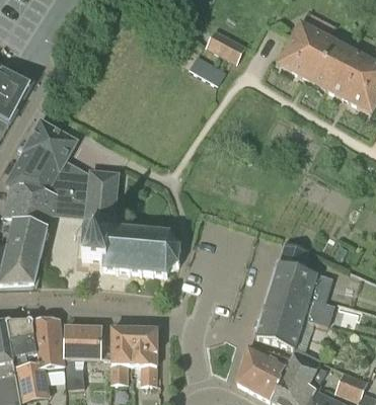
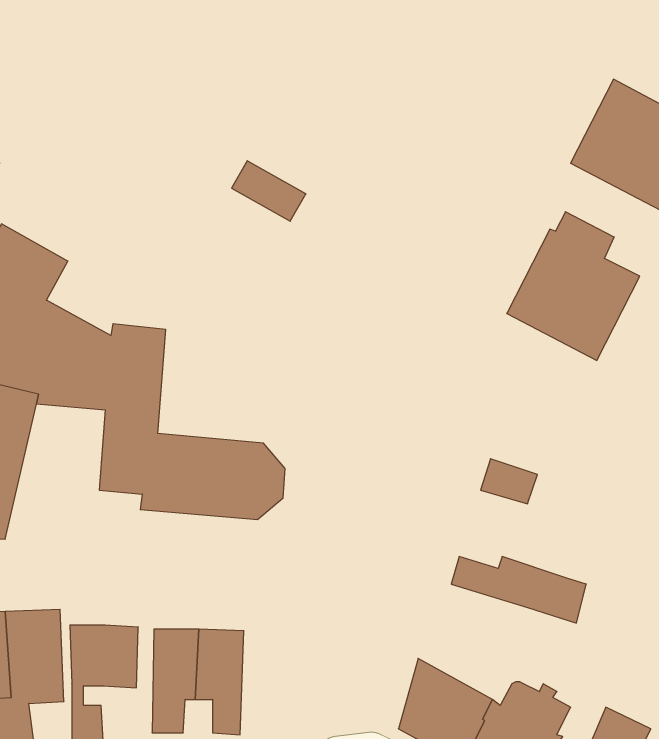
building: [279,11,348,88] -> [507,212,640,360]
building: [204,28,245,64] -> none
building: [185,53,224,84] -> [232,161,306,221]
building: [268,262,330,303] -> none
building: [254,306,303,347] -> none

